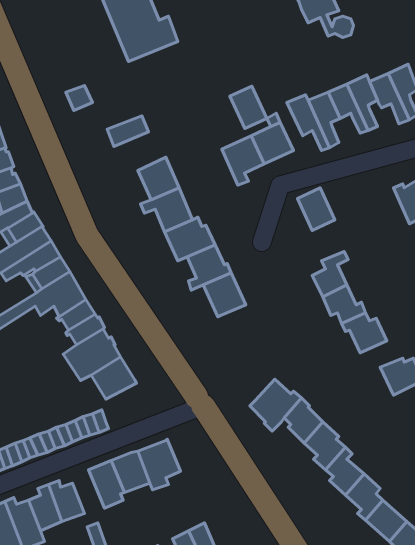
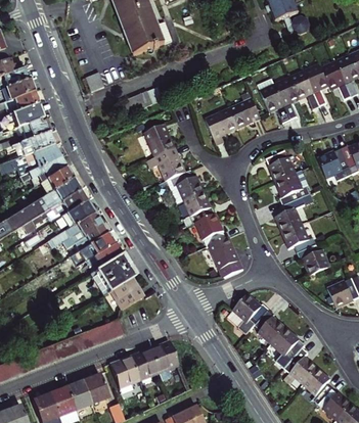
building: [230,86,267,129] -> none
building: none -> [319,148,353,180]
building: none -> [278,170,312,204]
building: none -> [208,236,244,278]

